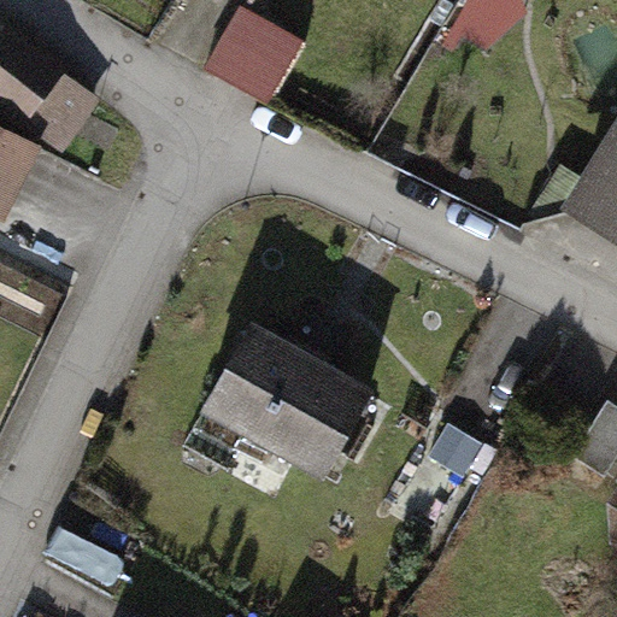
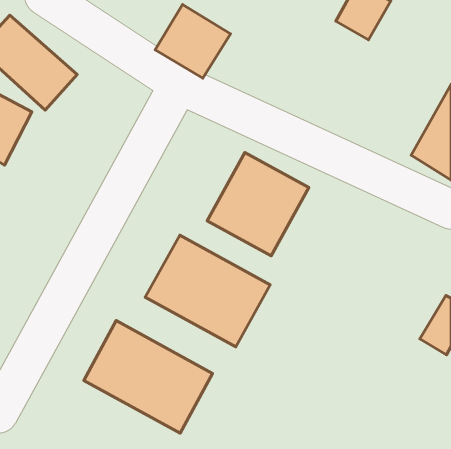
building: none -> [207,153,309,256]
building: none -> [84,320,212,433]

